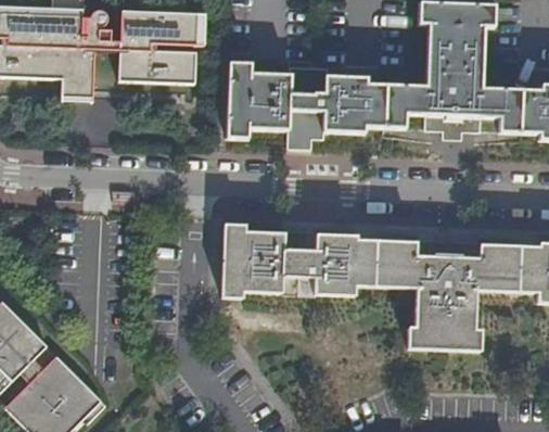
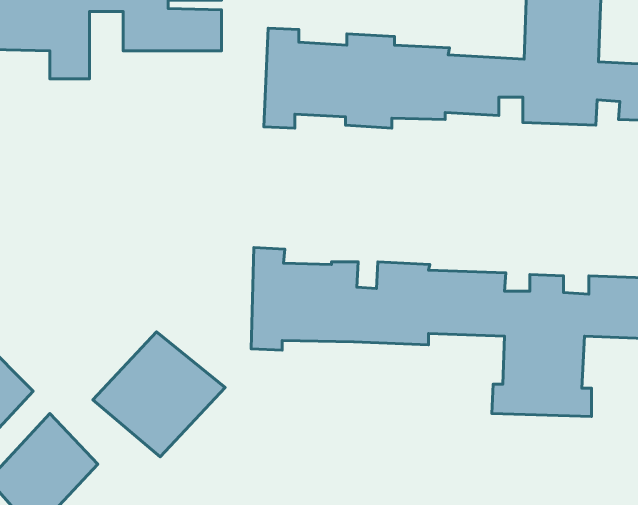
building: none -> [93,332,225,457]

